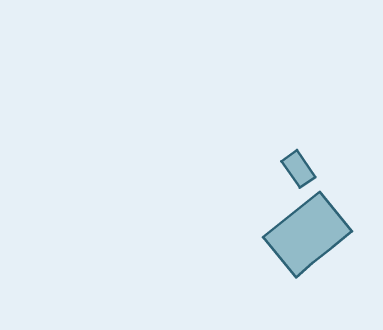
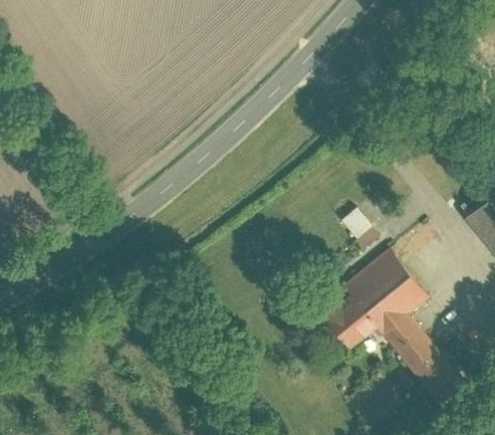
building: none -> [382,315,443,381]

